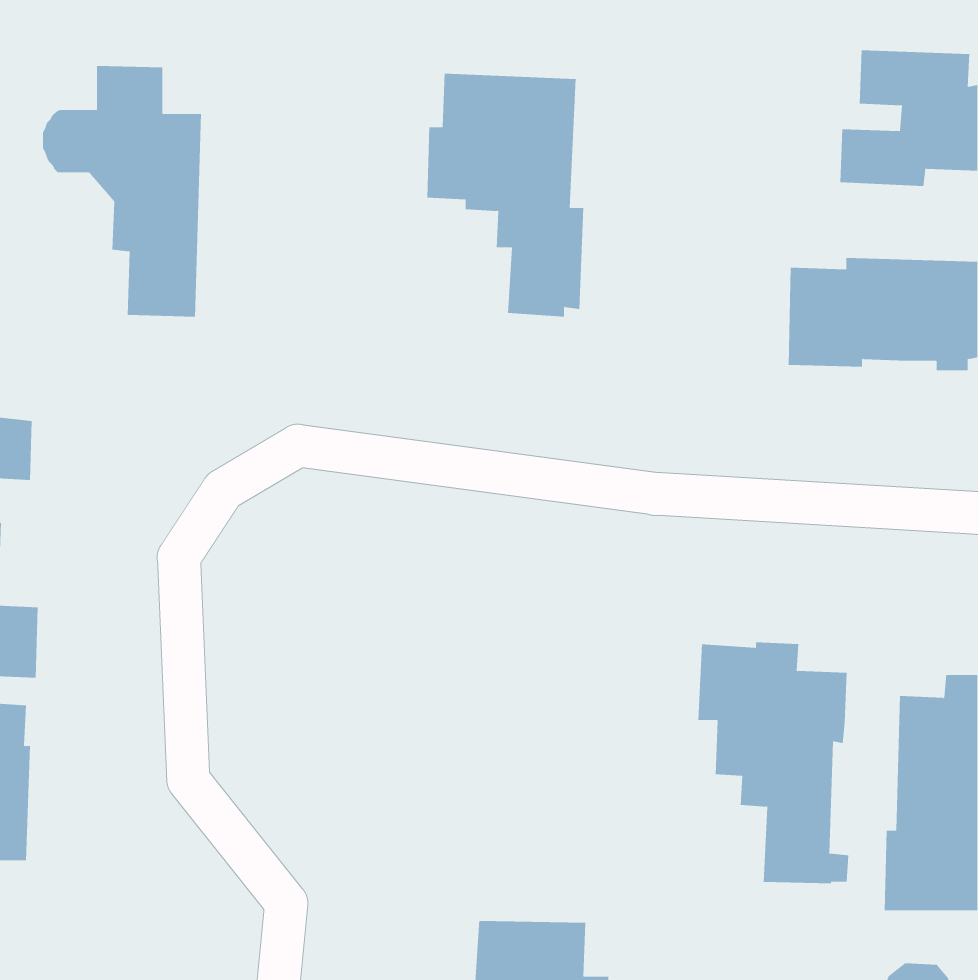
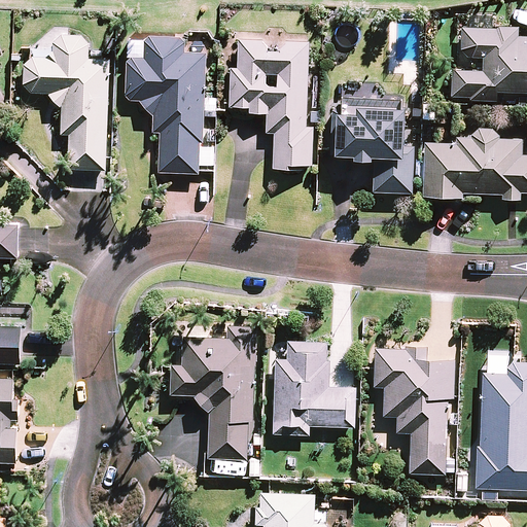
building: none -> [126,38,215,174]
building: none -> [336,96,412,194]
building: none -> [169,327,258,460]
building: none -> [273,342,355,435]

